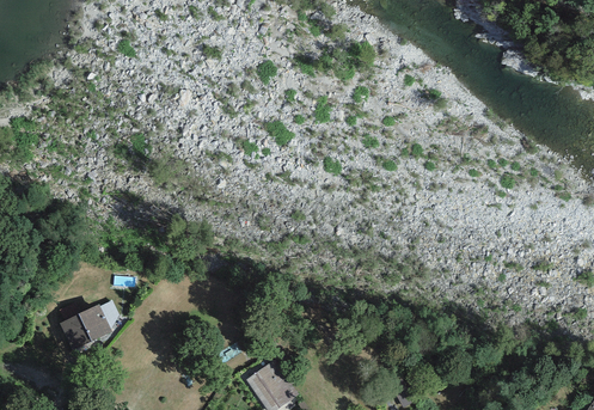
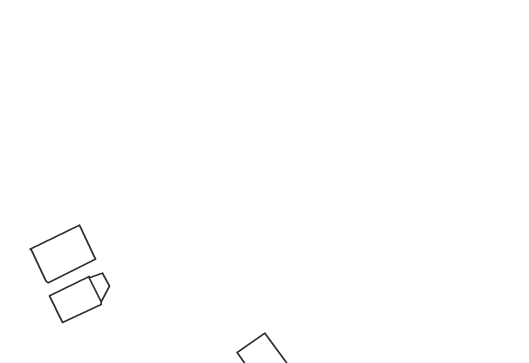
building: none -> [30,225,95,283]

